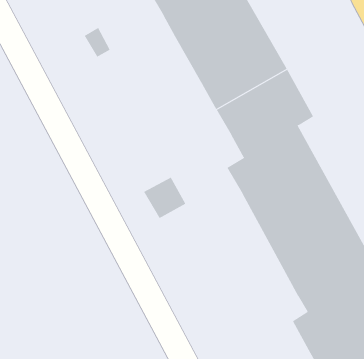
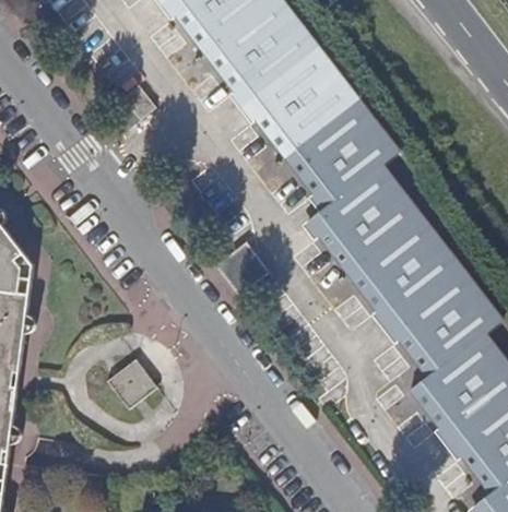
building: none -> [106,359,155,408]

